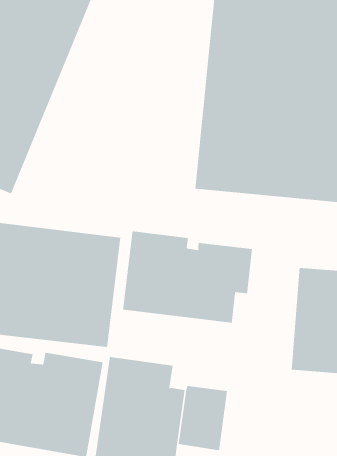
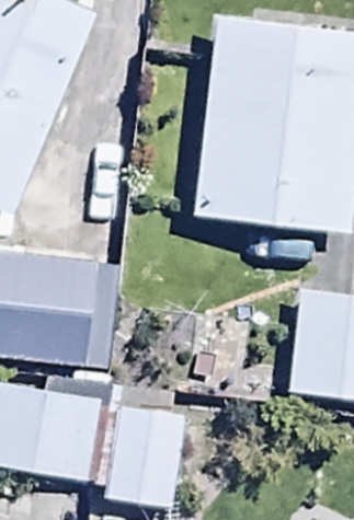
building: [122,230,252,323] -> none

